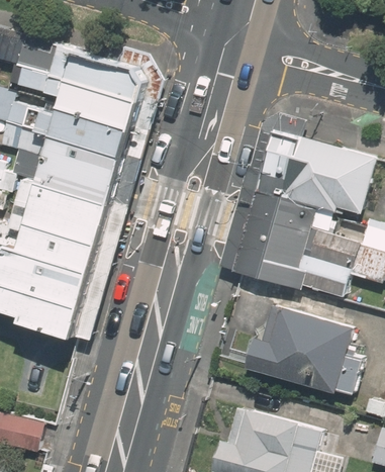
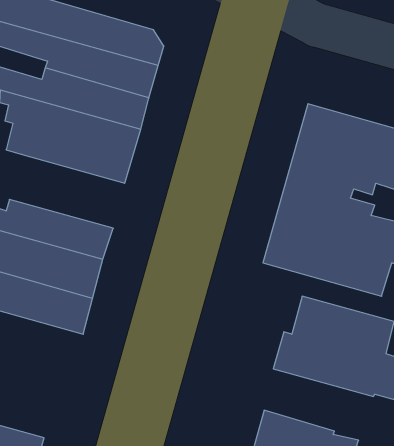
building: [13,179,114,244] -> none

